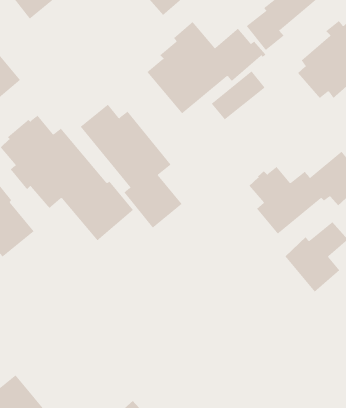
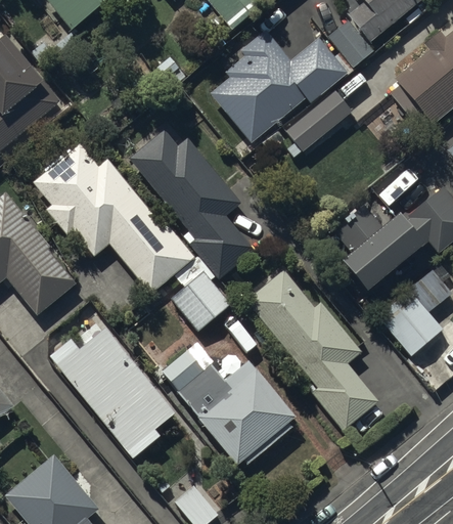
building: none -> [169,258,230,332]
building: none -> [245,269,379,431]
building: none -> [49,328,175,456]
building: none -> [162,343,295,464]

